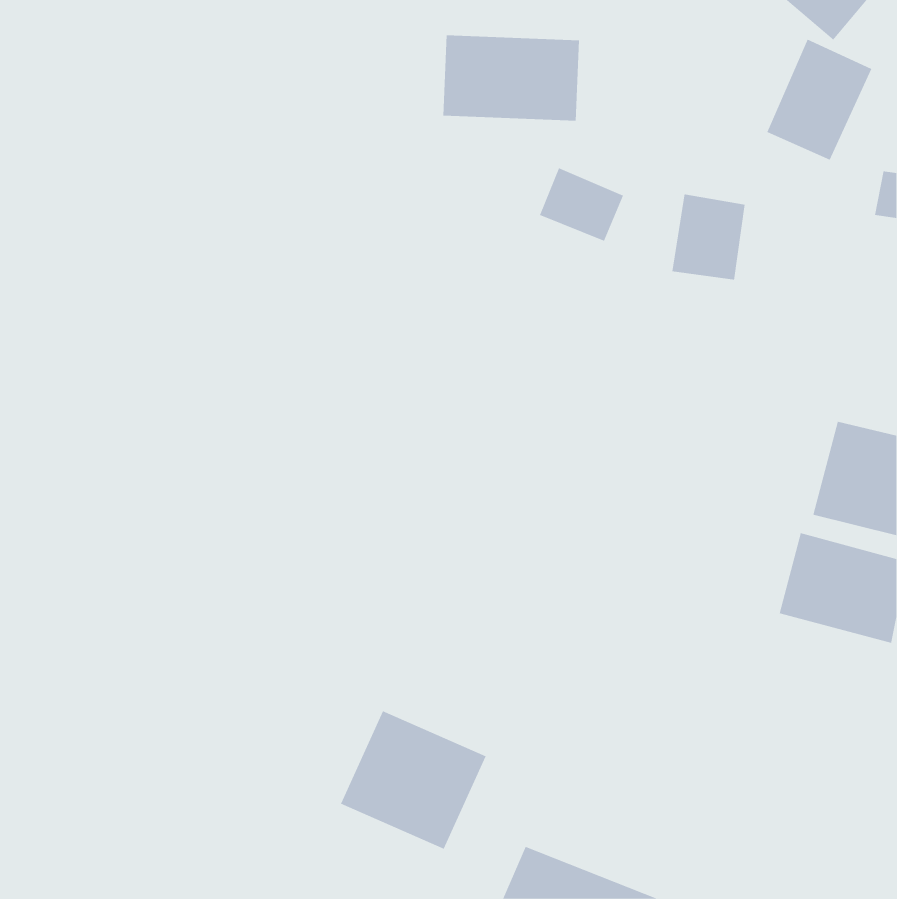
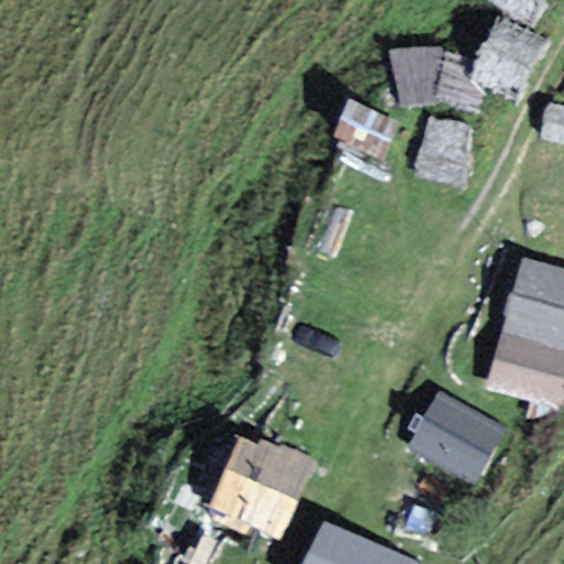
building: [442,35,580,121] -> [393,40,479,94]
building: none -> [411,398,497,479]

